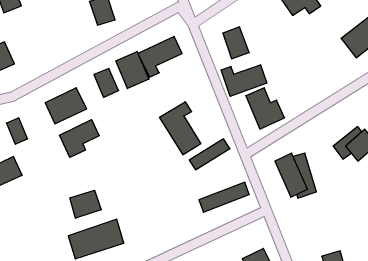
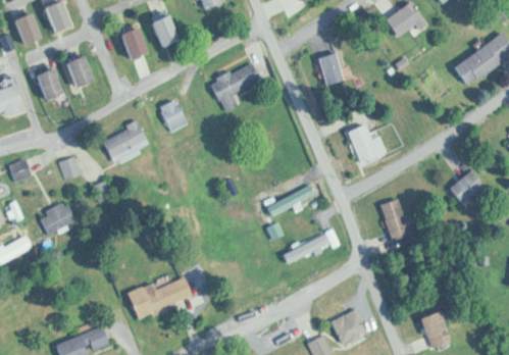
building: none -> [120,27,151,61]
building: none -> [66,56,97,90]
building: [116,51,149,89] -> none
building: [221,65,267,96] -> none
building: [160,102,201,155] -> none
building: [60,120,99,157] -> none
building: [70,190,101,218] -> none

